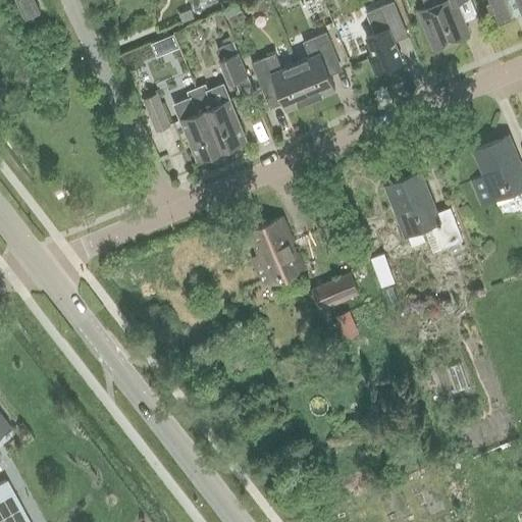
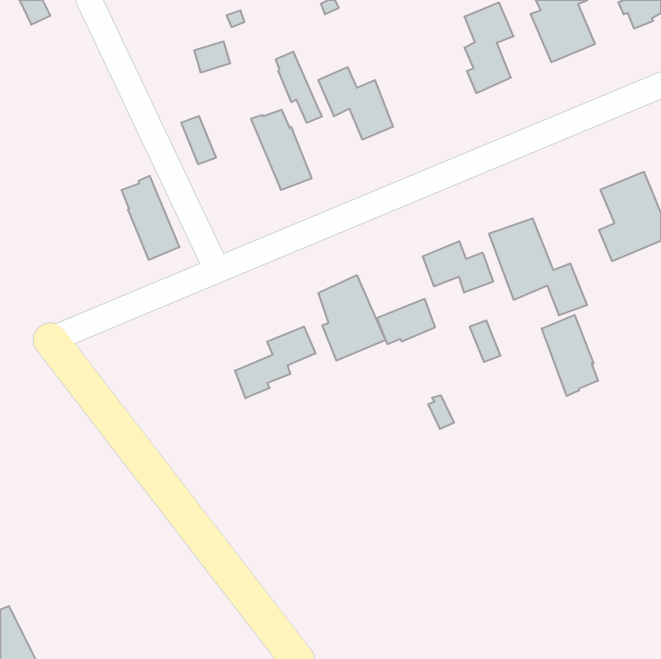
building: [296,33,337,101] -> none
building: [175,95,221,161] -> [121,176,180,260]
building: none -> [423,241,493,293]
building: none -> [542,315,598,396]
building: none -> [235,327,315,398]
building: [312,272,358,308] -> [377,299,435,344]

